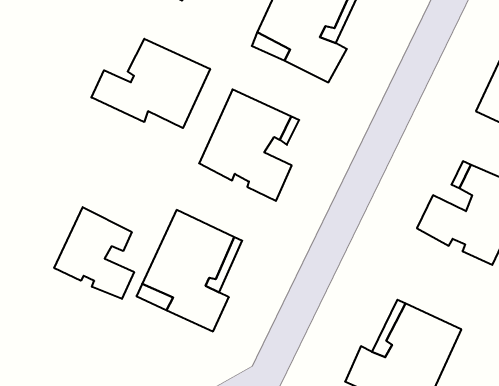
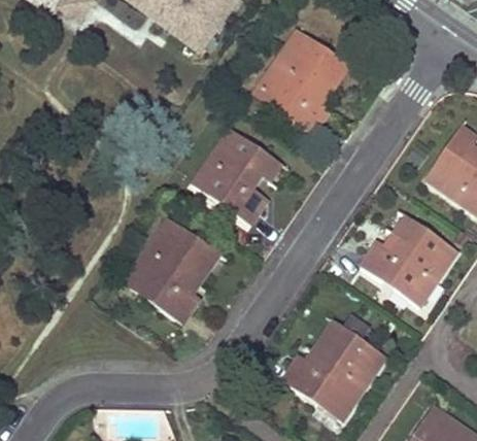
building: [91,39,210,128] -> none
building: [54,207,134,299] -> none

